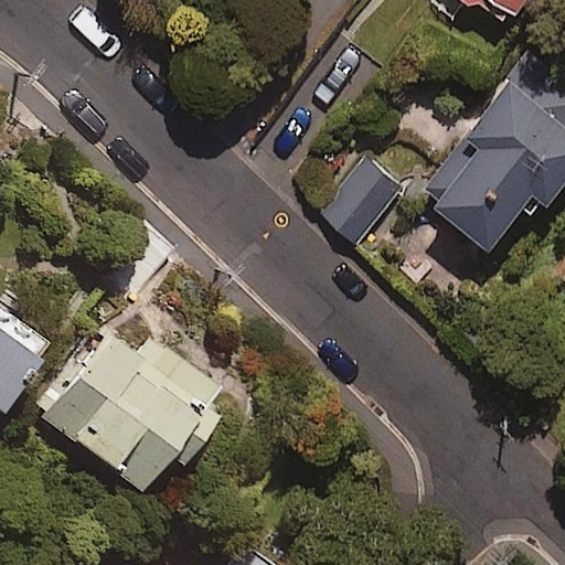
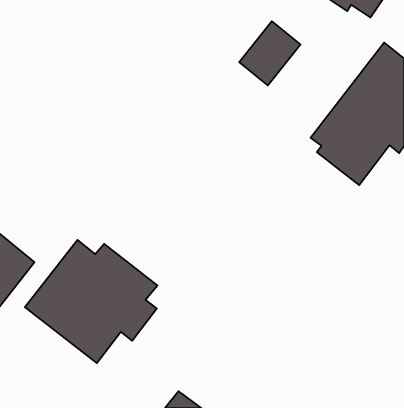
building: [313,153,398,242] -> [239,21,301,85]

